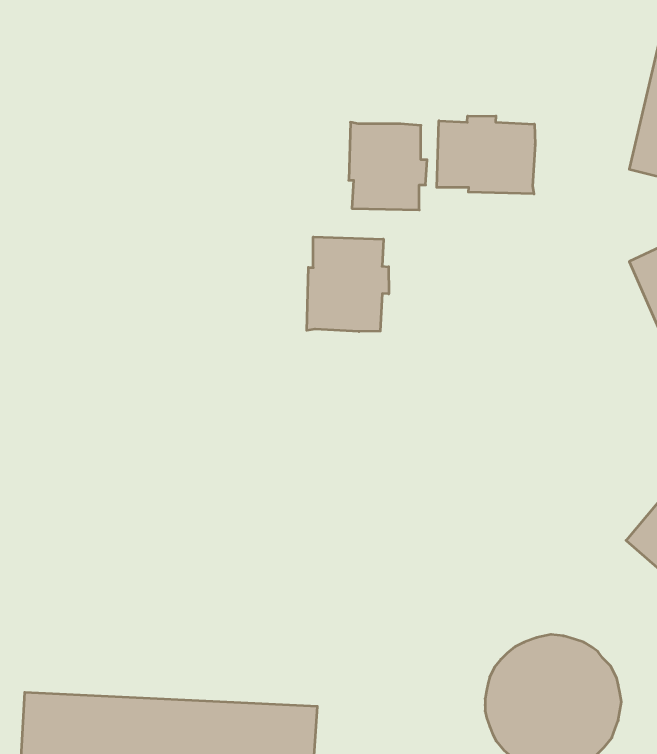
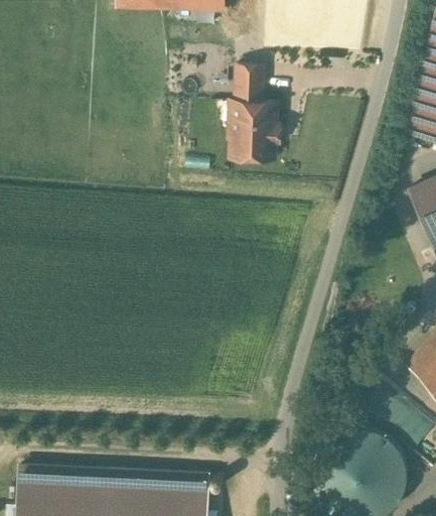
building: none -> [236,68,264,104]
building: [437,116,535,194] -> none
building: [307,237,389,332] -> none

